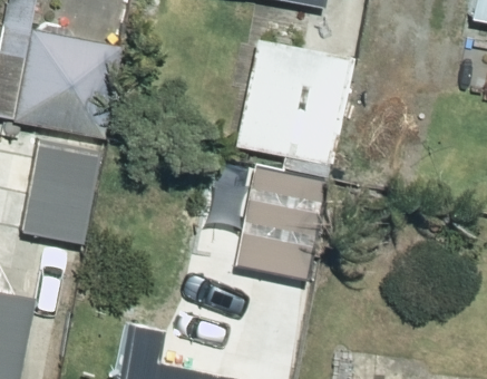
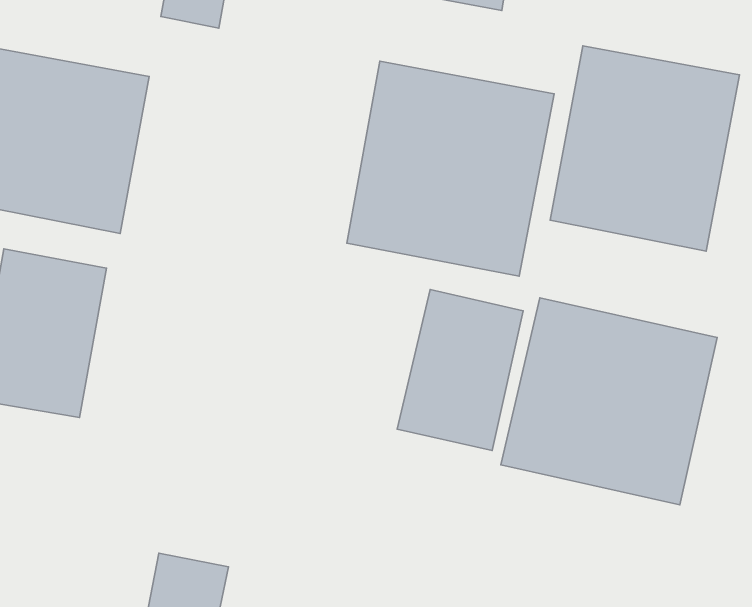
building: none -> [550,46,739,251]
building: none -> [501,298,717,505]

